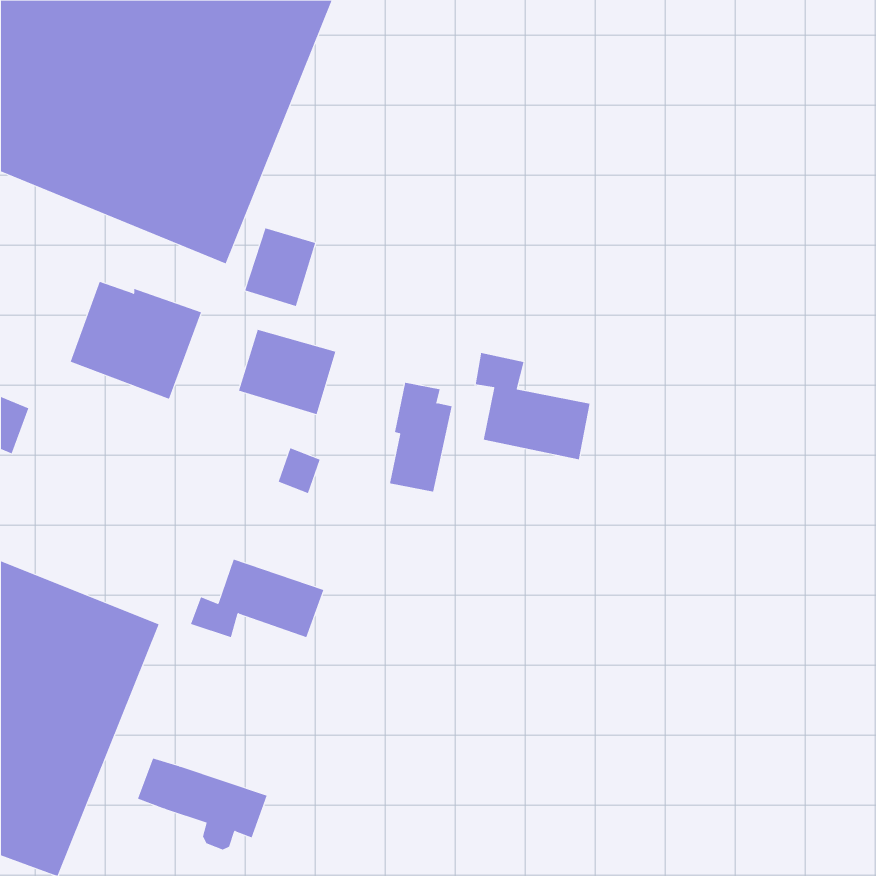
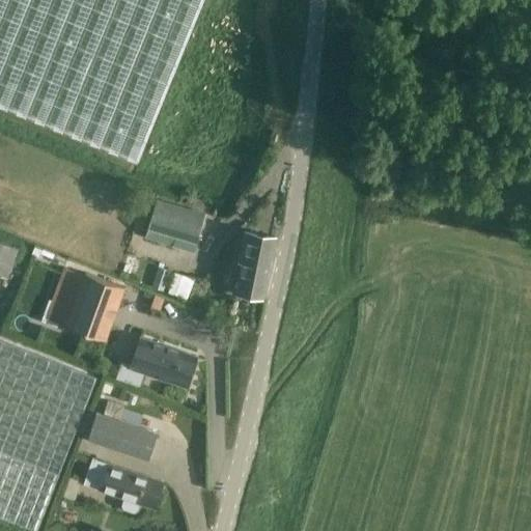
building: [245,227,316,307] -> none
building: [70,281,202,400] -> [45,269,124,340]
building: [475,352,590,460] -> none
building: none -> [87,411,158,458]

